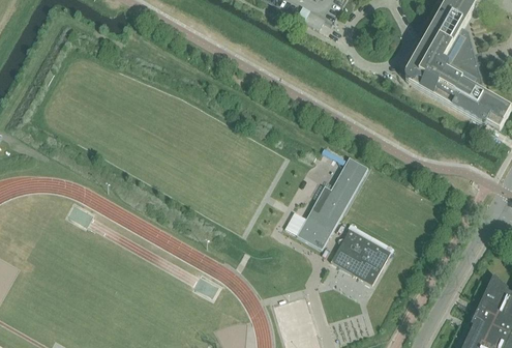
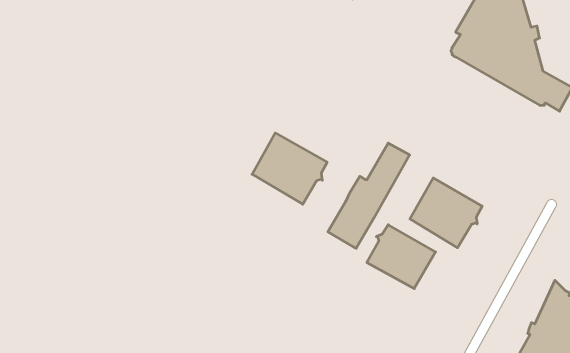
building: none -> [252,133,327,204]
building: none -> [410,178,482,248]

